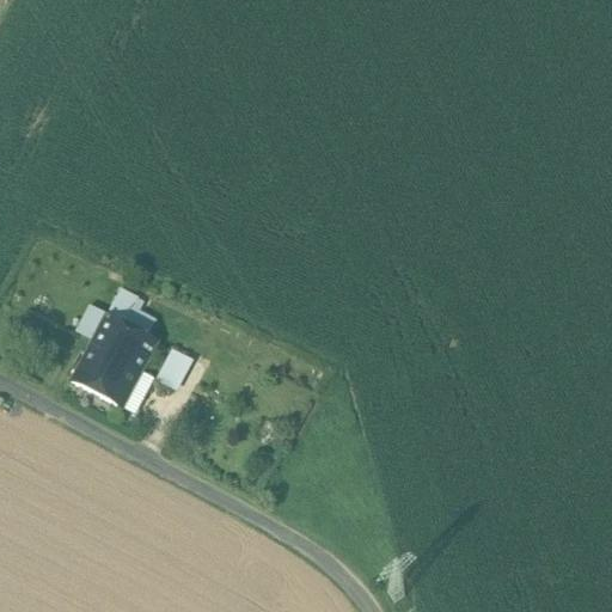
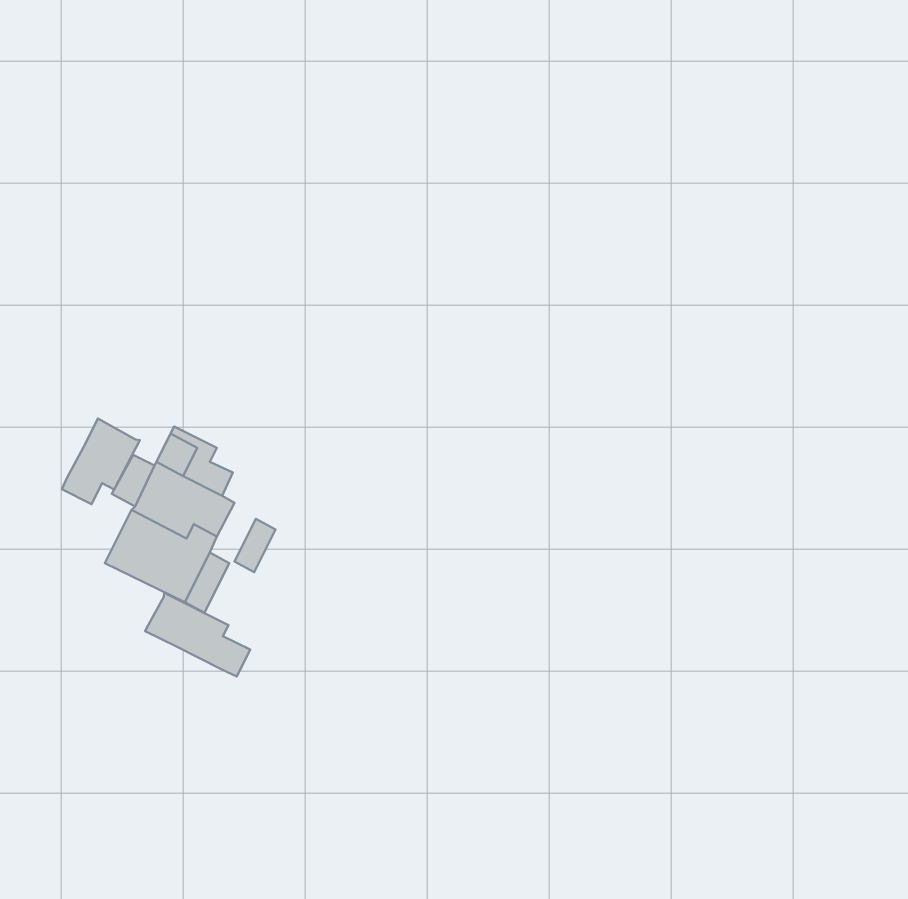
building: none -> [62,419,140,504]
building: none -> [145,593,250,677]

